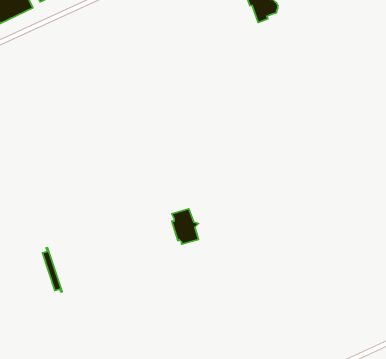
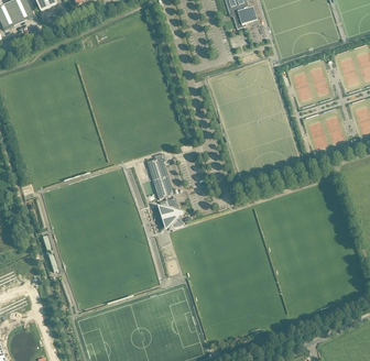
building: none -> [146,151,173,197]

